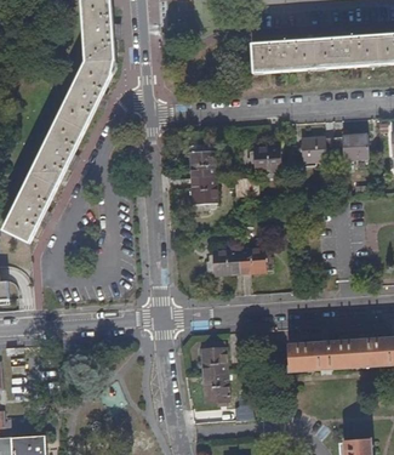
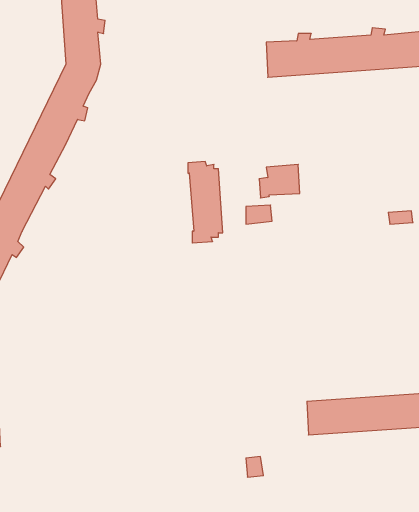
building: [299,133,367,163] -> none
building: [205,248,272,277] -> none
building: [200,340,228,402] -> none

